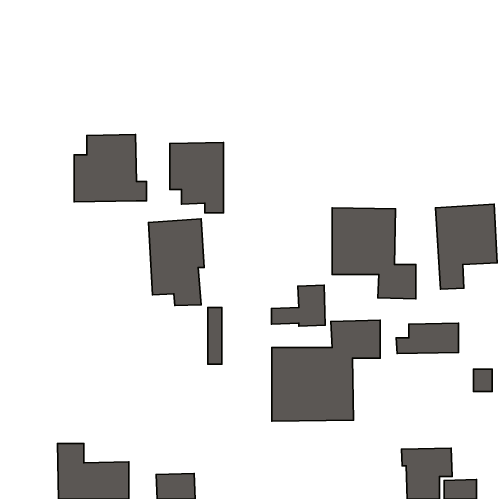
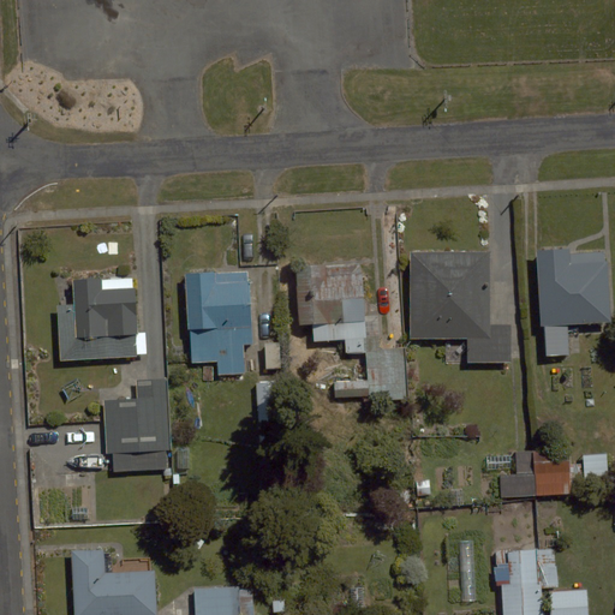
building: [74,134,146,202] -> [59,277,148,360]
building: [170,143,224,213] -> [298,267,364,353]
building: none -> [106,390,167,468]
building: [272,320,380,421] -> none
building: [396,323,459,353] -> [498,459,575,496]

